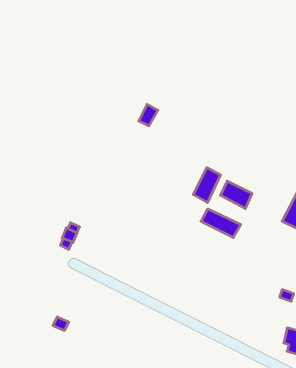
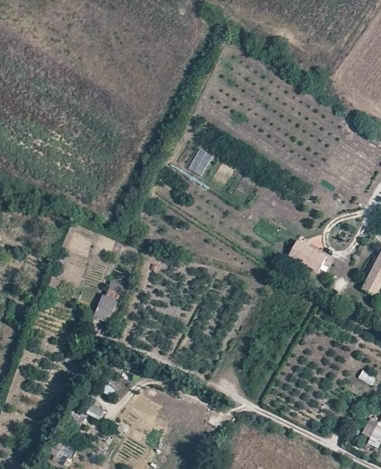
building: [193,168,220,203] -> none
building: [201,209,241,238] -> none

